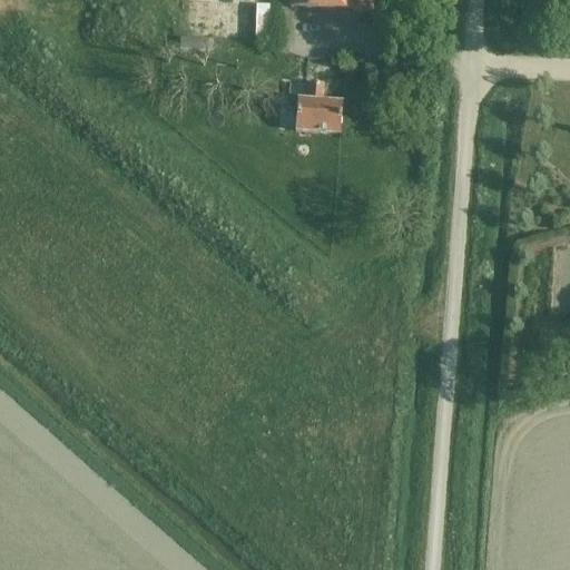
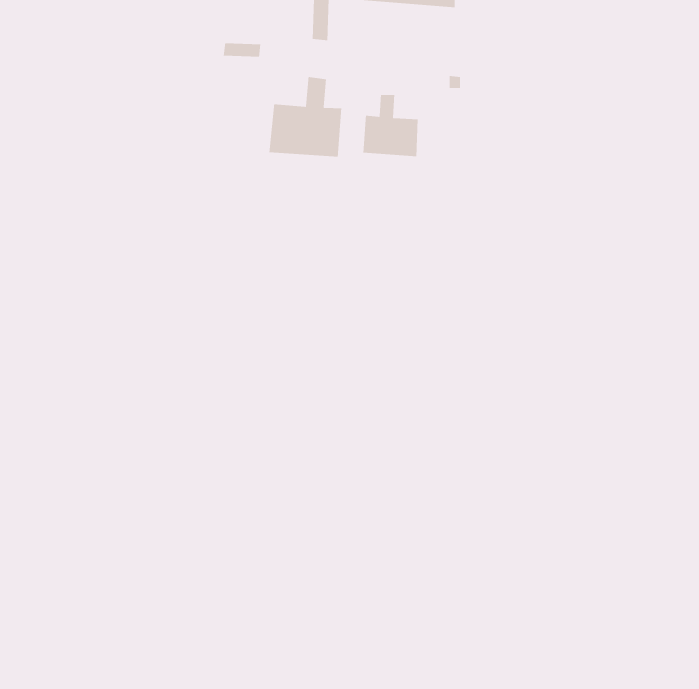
building: none -> [268,76,342,158]

